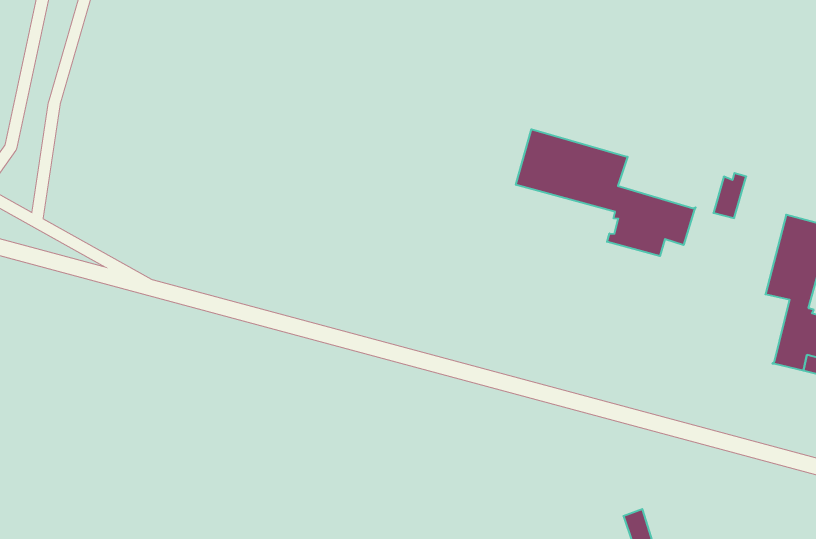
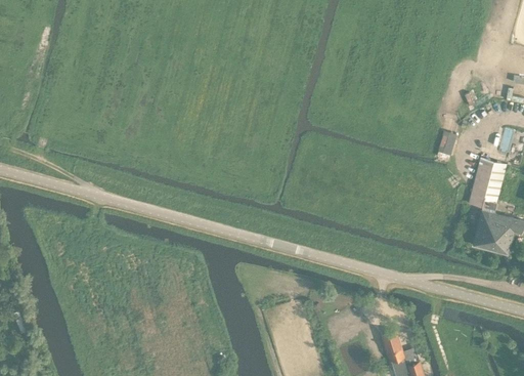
building: [516,129,696,256] -> none

